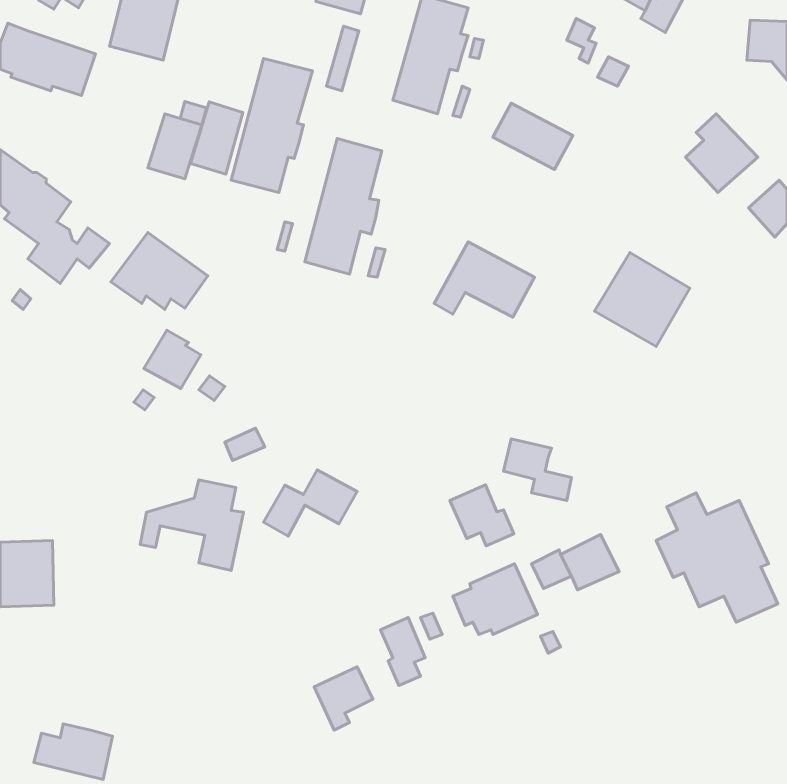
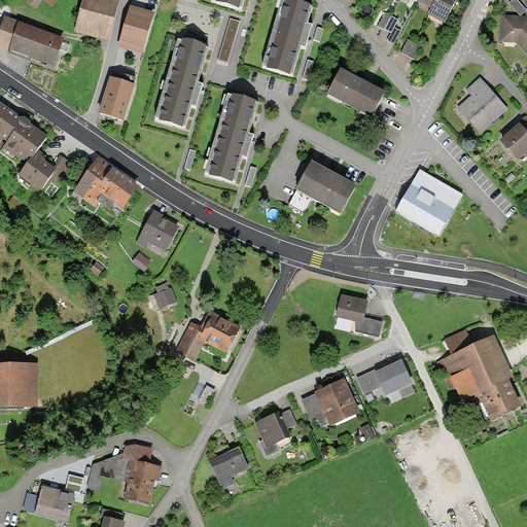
building: [191,102,243,174] -> [118,4,153,52]
building: [144,330,201,389] -> [140,209,178,248]
building: [140,480,243,571] -> [87,443,156,503]
building: [450,485,514,546] -> none

